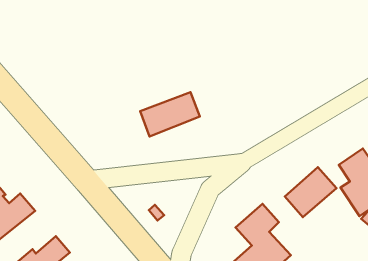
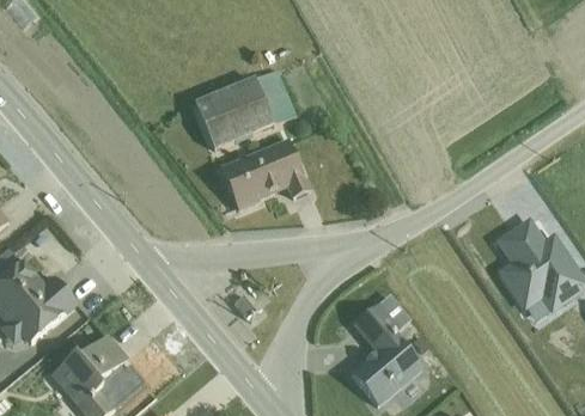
building: none -> [201,66,290,137]
building: [285,167,336,217] -> none

